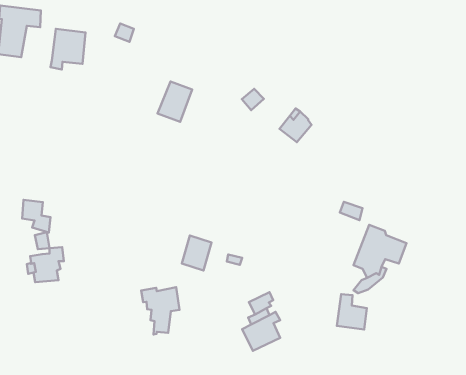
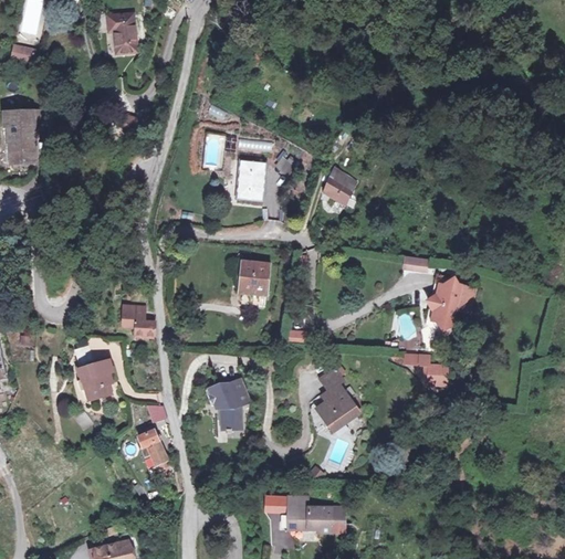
building: [51,29,86,69] -> none
building: [158,81,192,122] -> [226,161,258,202]
building: [22,200,51,233] -> [121,306,154,337]
building: [182,236,212,270] -> [238,259,265,293]
building: none -> [138,426,174,476]

